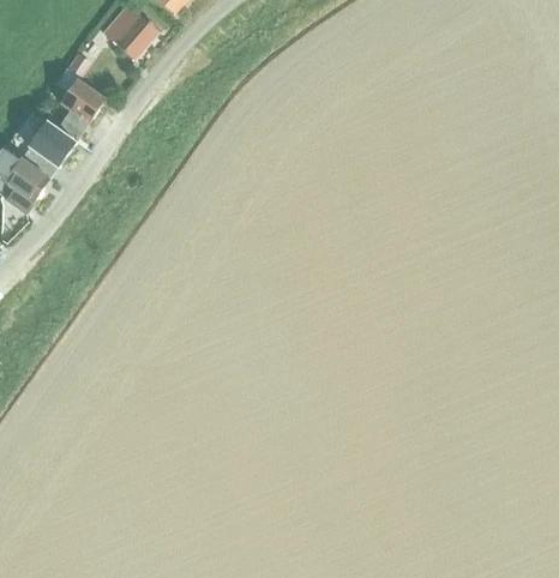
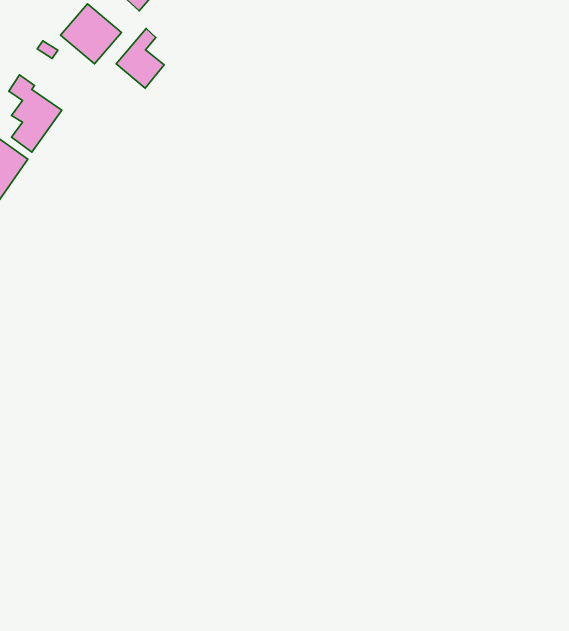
building: none -> [116,28,164,88]

